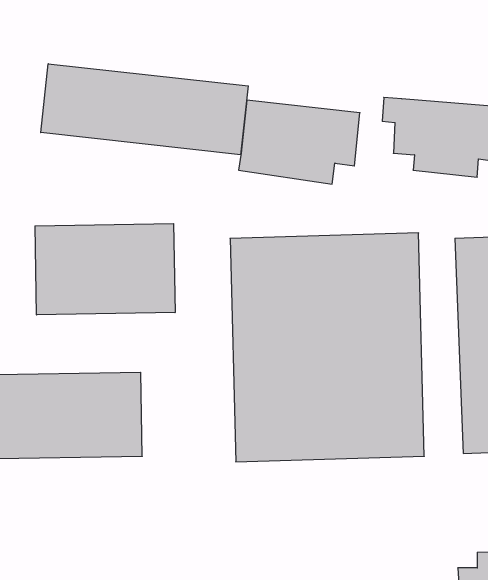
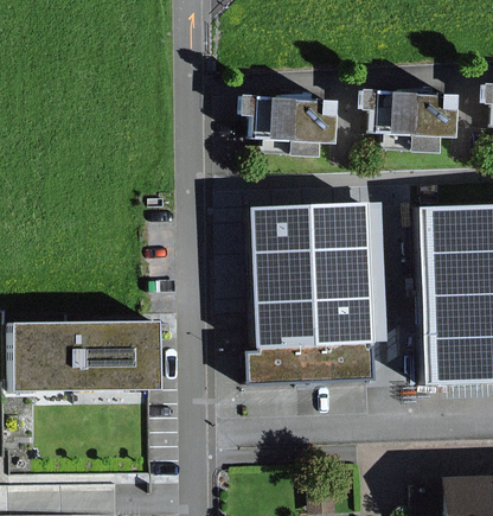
building: [41,64,248,155] -> none
building: [35,224,175,315] -> none

